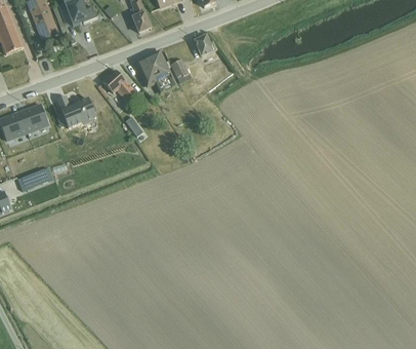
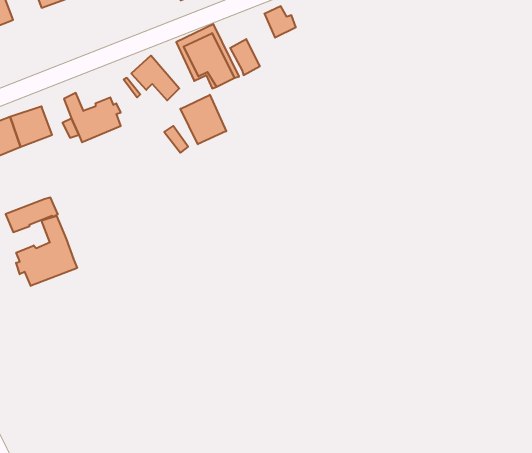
building: none -> [180,95,226,144]
building: none -> [16,216,77,286]

